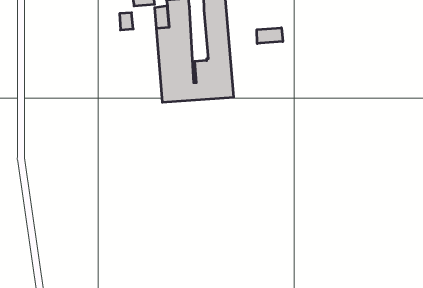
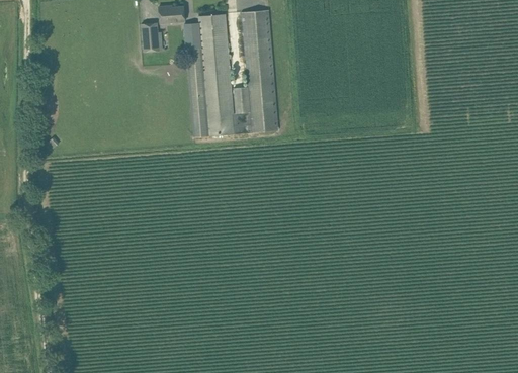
building: [257,28,283,44] -> none

